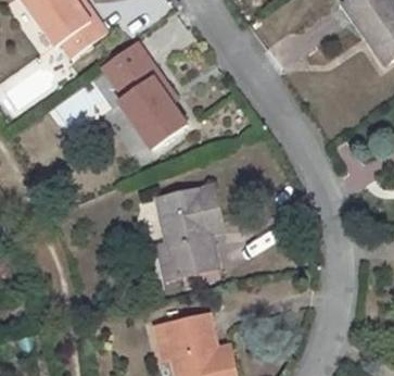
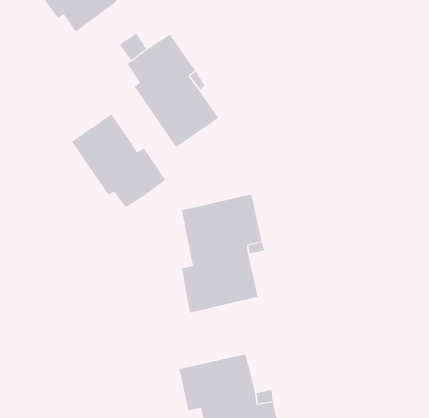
building: none -> [71,114,166,208]

